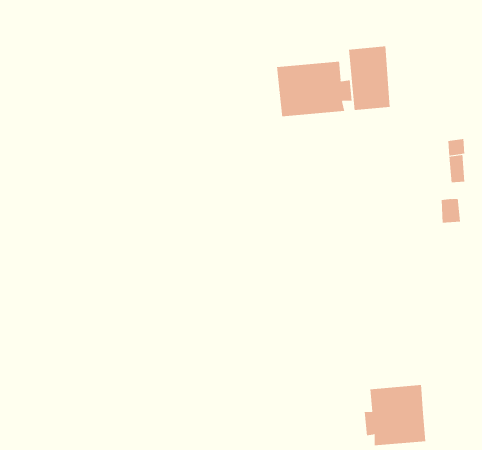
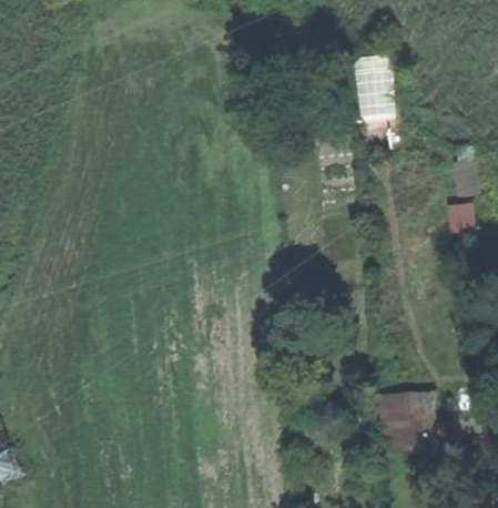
building: [277,61,352,117] -> none

